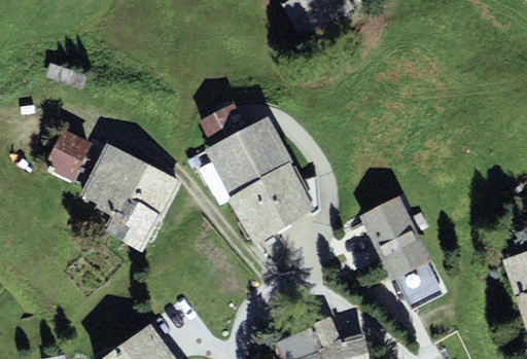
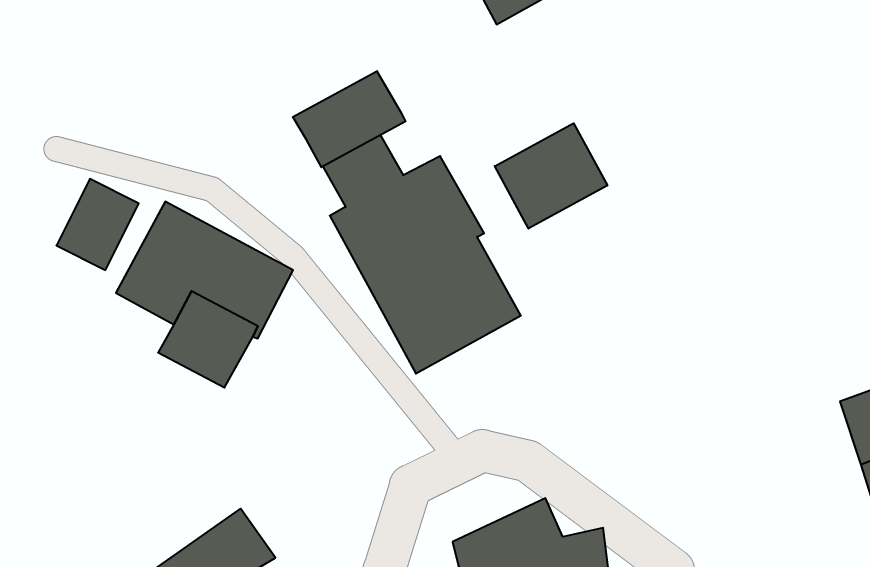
building: none -> [293,71,406,167]
building: none -> [495,123,607,229]
building: [360,196,444,309] -> none

